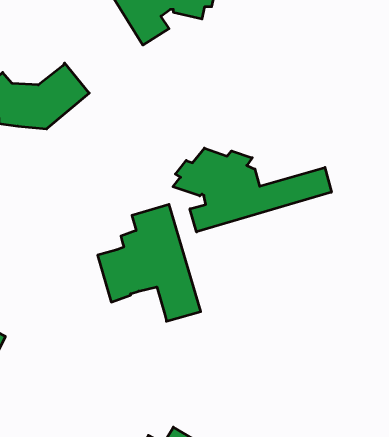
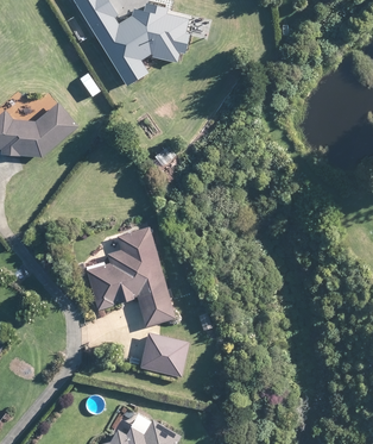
building: [173,148,331,232] -> none
building: none -> [141,332,188,375]

